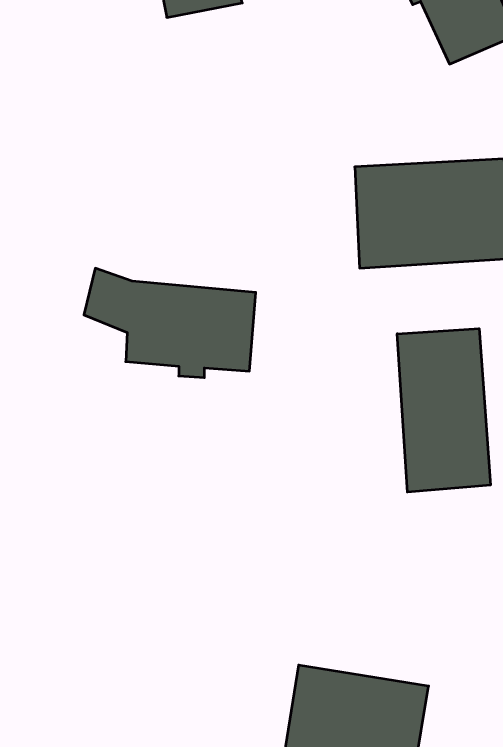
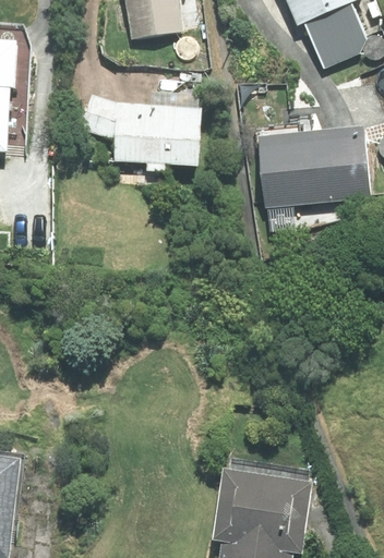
building: [84,268,256,378] -> [84,97,201,171]
building: [397,329,490,492] -> none

